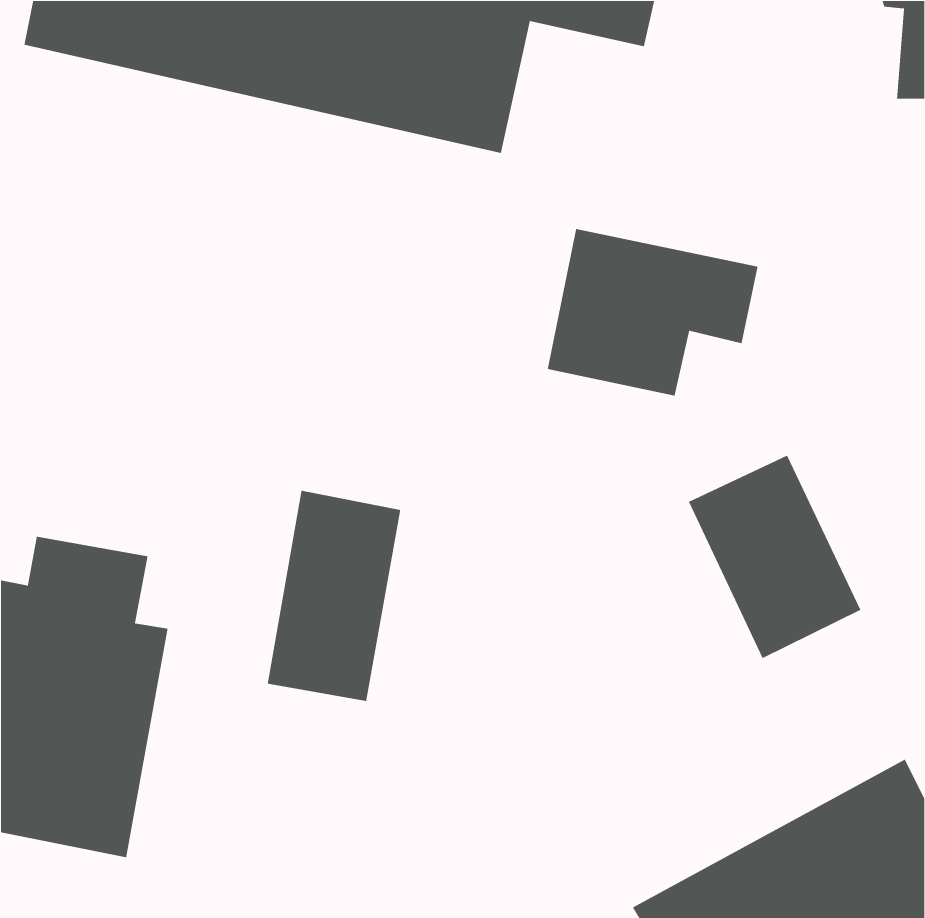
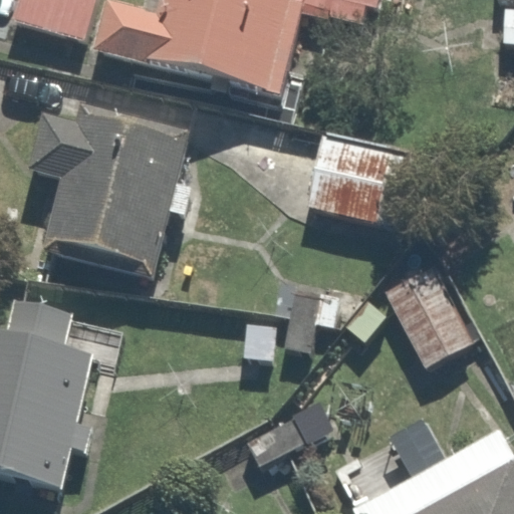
building: none -> [26,100,195,272]
building: [267,490,401,702] -> none

